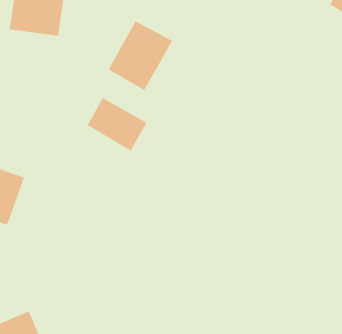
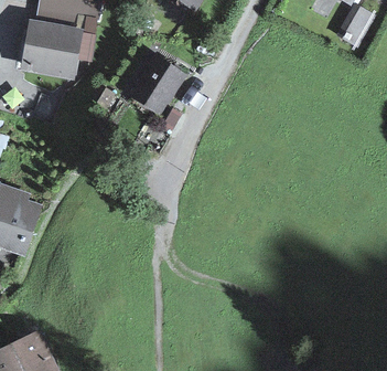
building: [87,97,147,152] -> none

